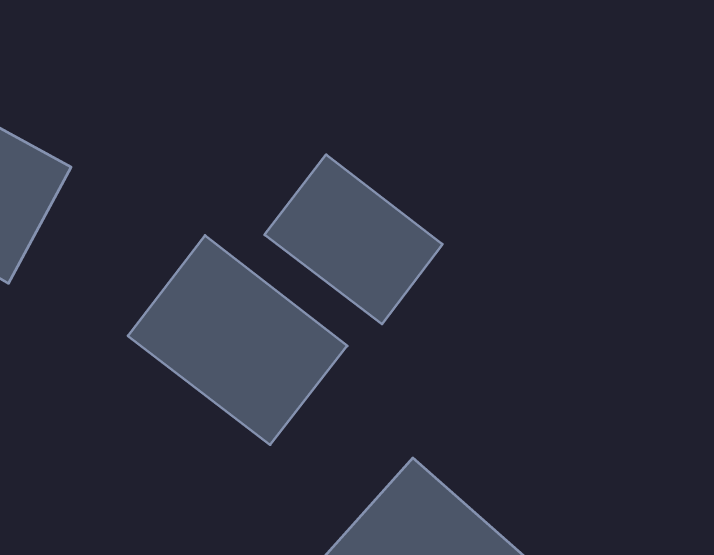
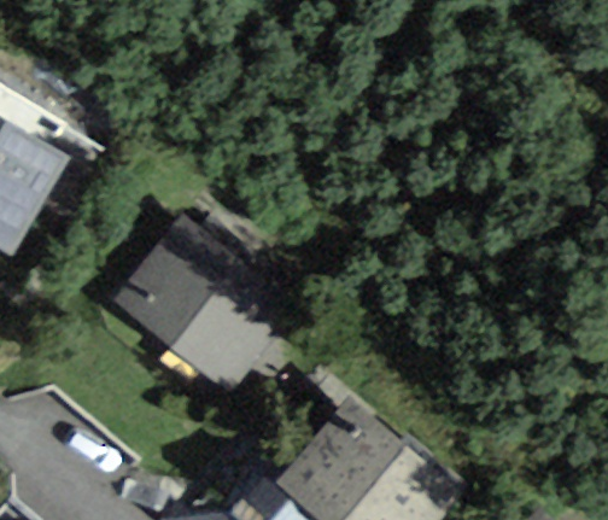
building: [265,155,442,324] -> none

